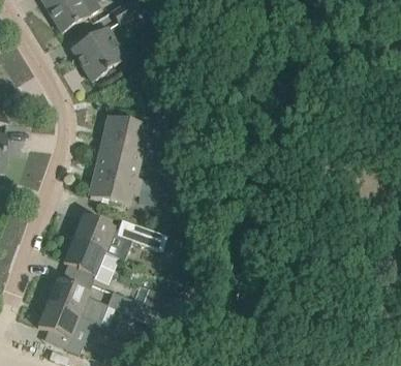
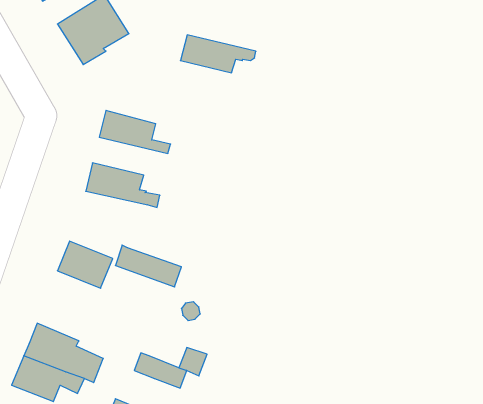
building: [99,135,157,164] -> [180,35,256,73]
building: [90,177,142,205] -> none
building: [63,238,119,284] -> none

